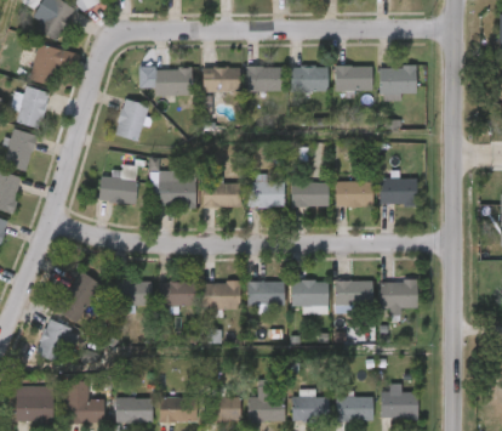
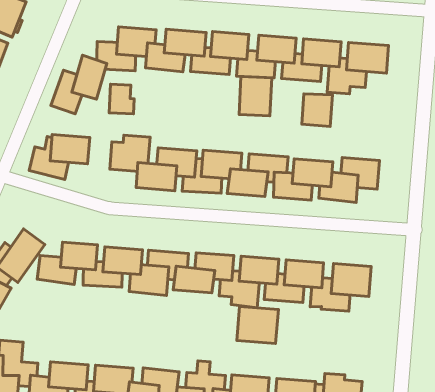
building: none -> [239,76,272,116]
building: none -> [302,94,333,126]
building: none -> [109,84,134,114]
building: none -> [237,306,278,343]

